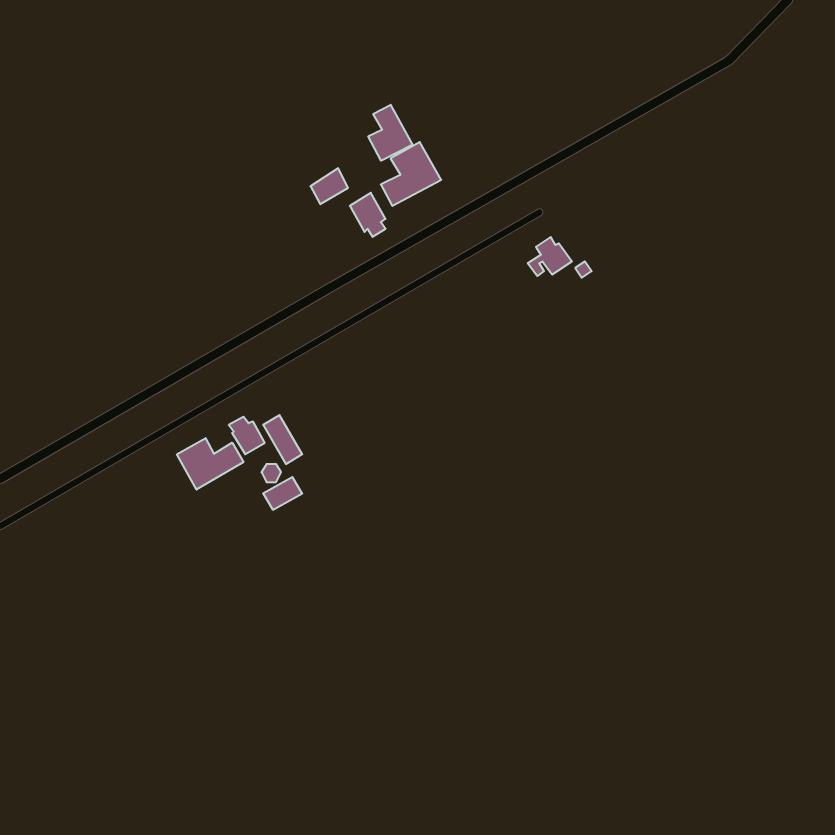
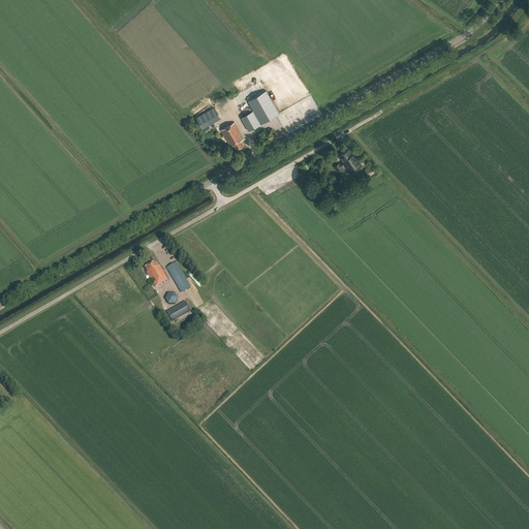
building: [368,105,412,161] -> none
building: [177,438,243,490] -> none

